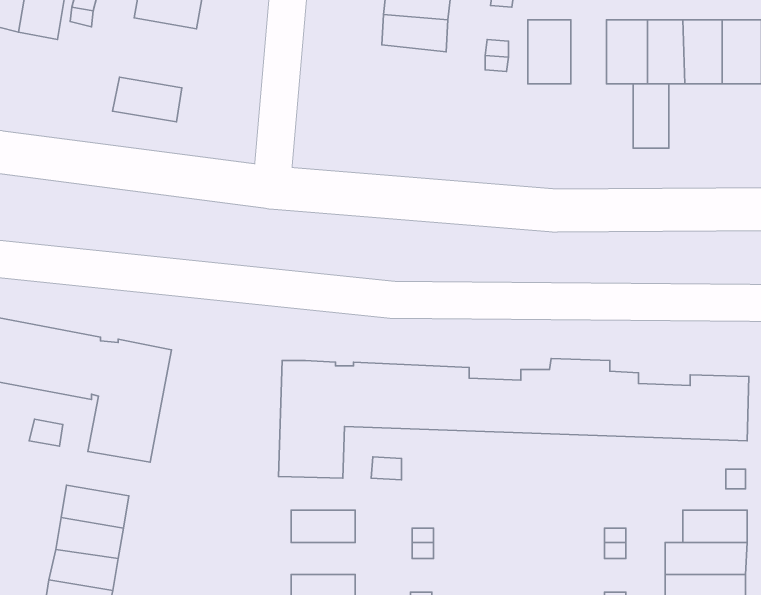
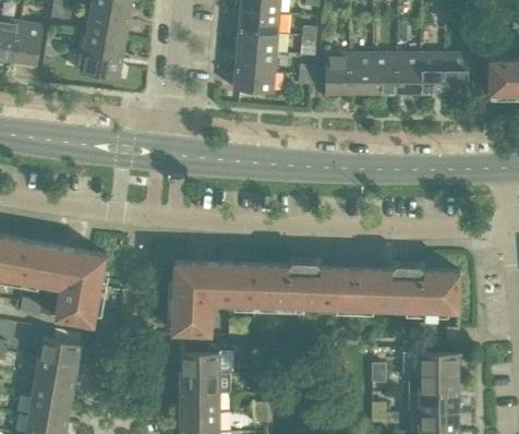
building: none -> [233,69,275,93]
building: [112,77,182,122] -> [80,52,122,80]
building: [633,84,669,148] -> [351,53,373,93]
building: none -> [180,373,219,393]

